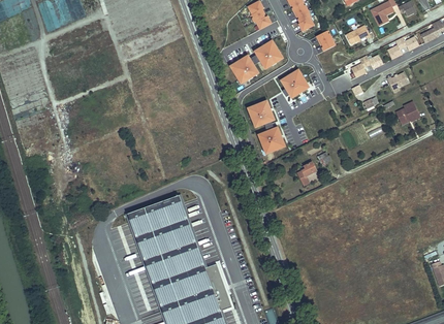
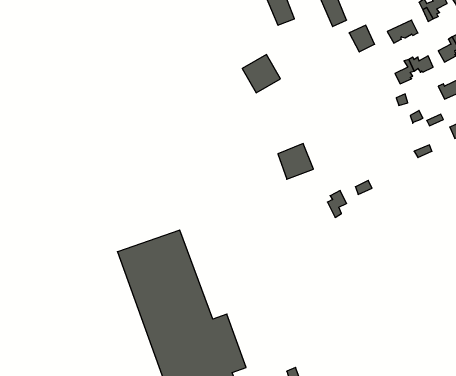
building: [253,38,284,69] -> none
building: [279,68,310,99] -> none
building: [247,99,275,128] -> none

